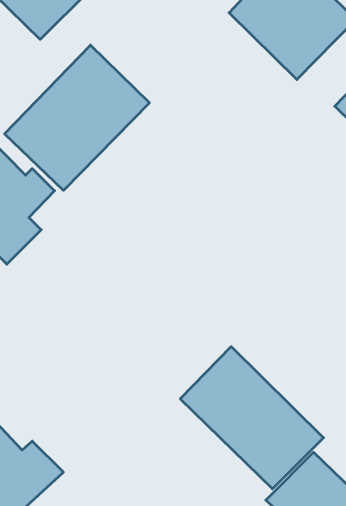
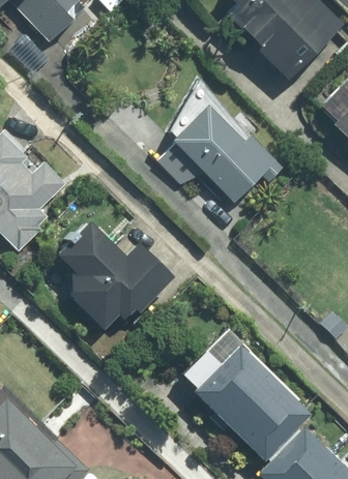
building: [5,45,149,190] -> none
building: none -> [174,98,285,201]
building: none -> [59,221,174,330]

